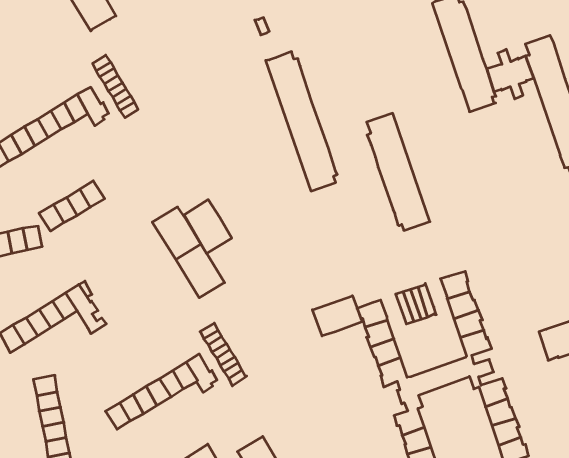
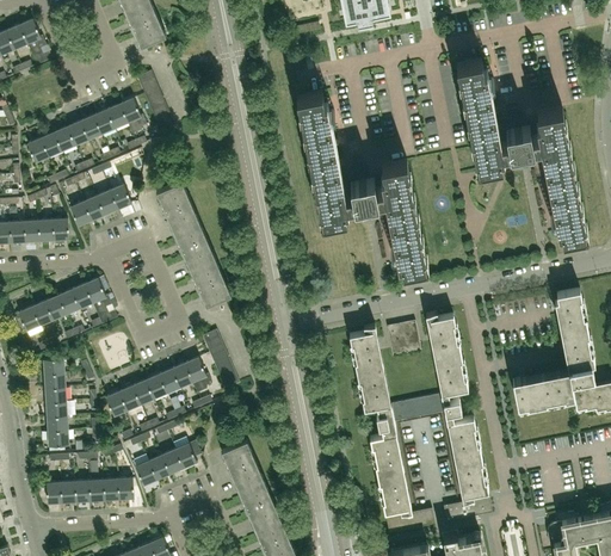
building: none -> [342,169,384,215]
building: [184,200,232,253] -> [156,181,197,230]
building: [312,296,362,336] -> none

